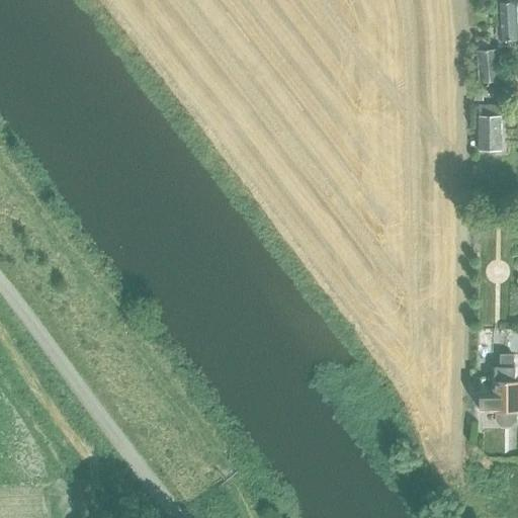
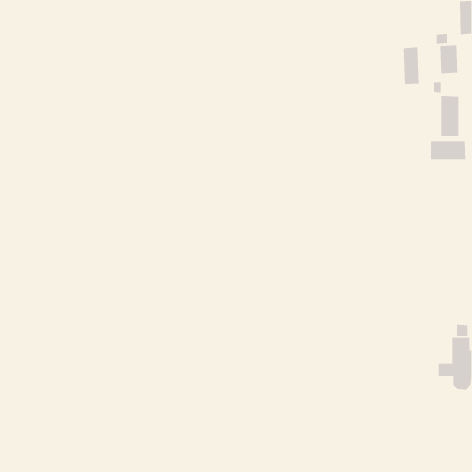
building: none -> [403,46,420,85]
building: none -> [430,140,466,160]

